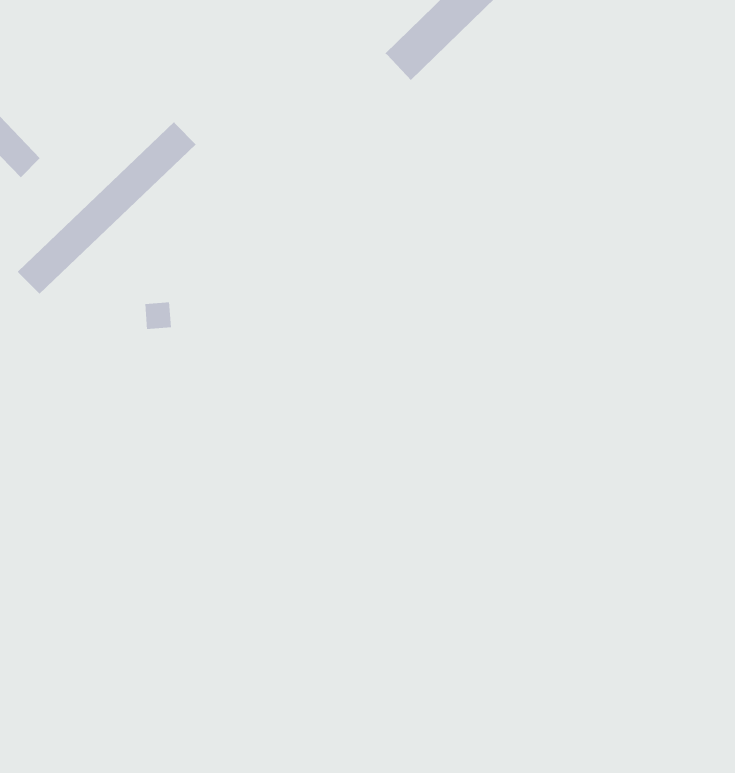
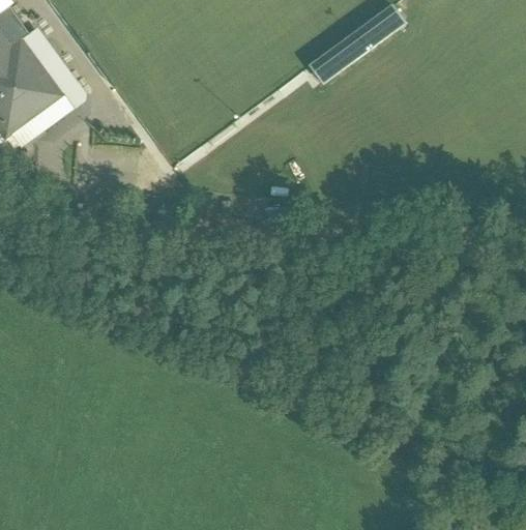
building: [17,121,197,295] -> none

